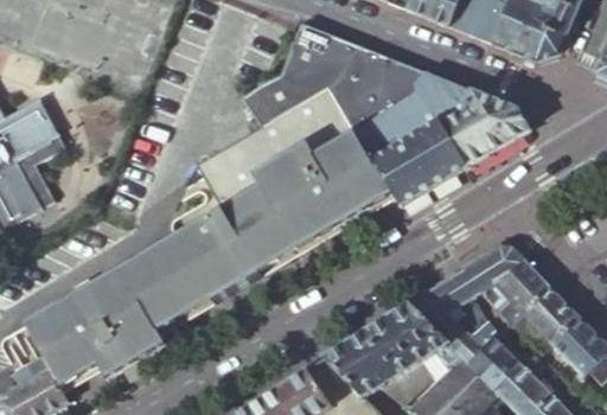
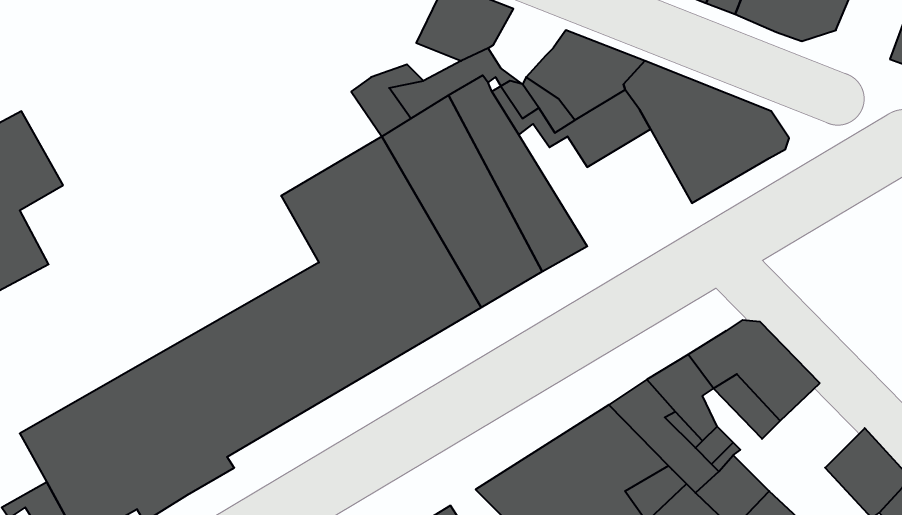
building: [352,116,466,205] -> none
building: [512,287,580,343] -> none

